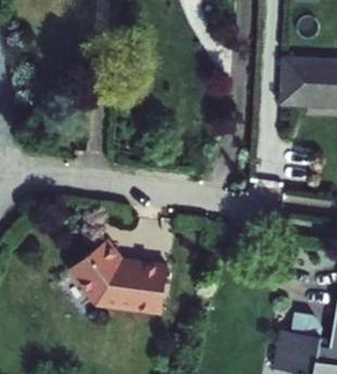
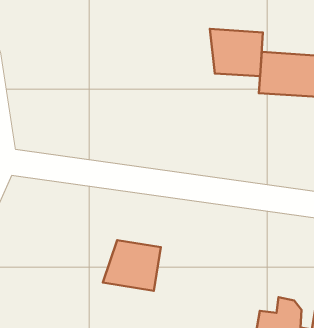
building: none -> [210,29,263,76]
building: [70,241,125,305] -> none

